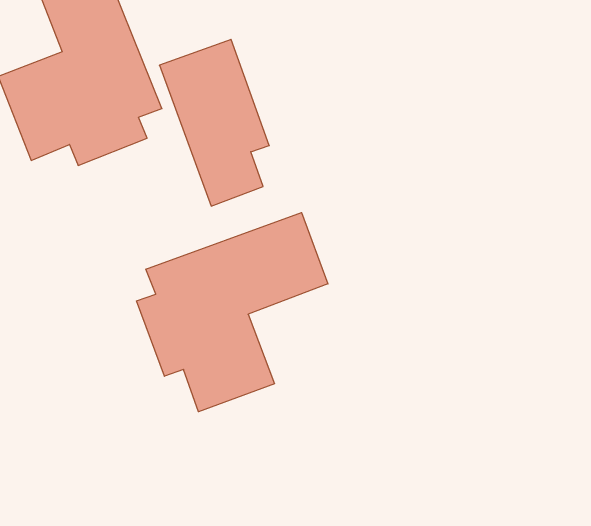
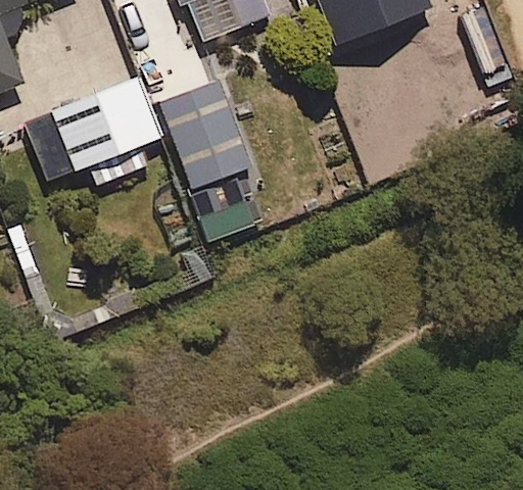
building: [137,213,328,412] -> none

